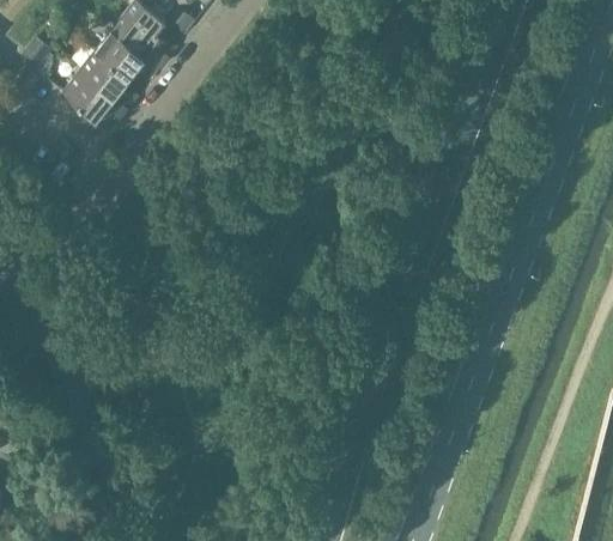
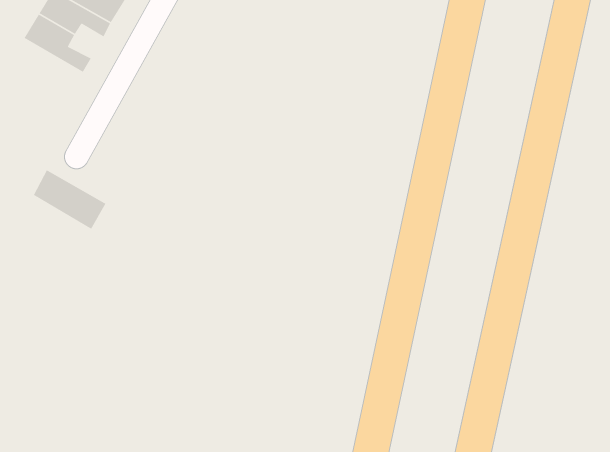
building: [61,72,126,132] -> [33,169,106,230]

